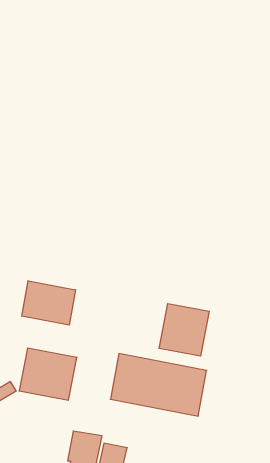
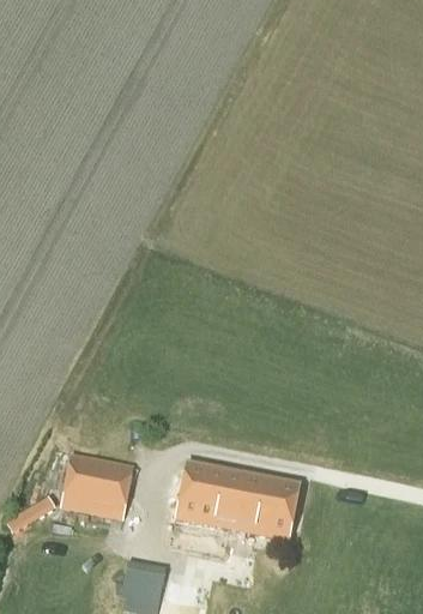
building: [22,281,76,325] -> none
building: [159,304,209,356] -> none

